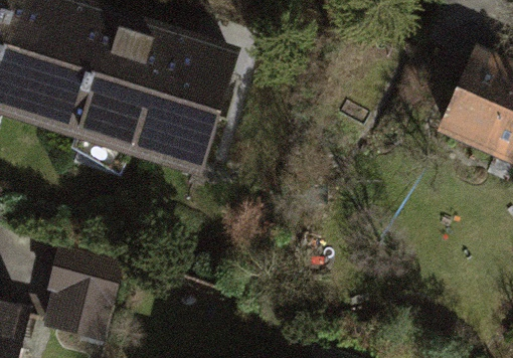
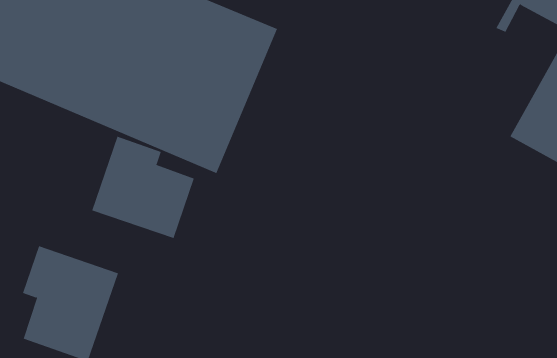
building: none -> [91,136,195,239]

